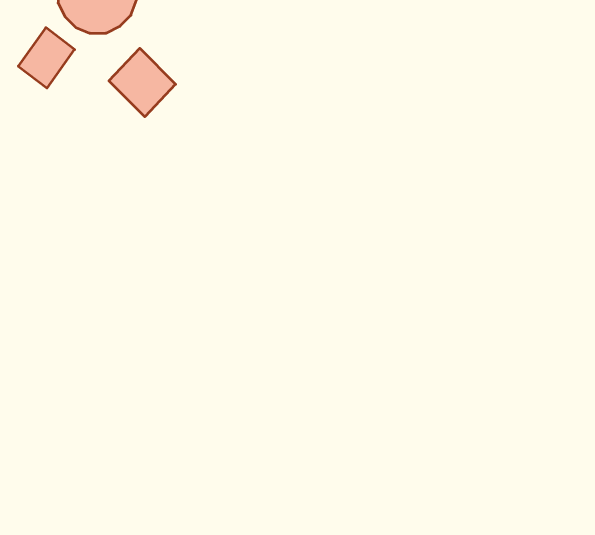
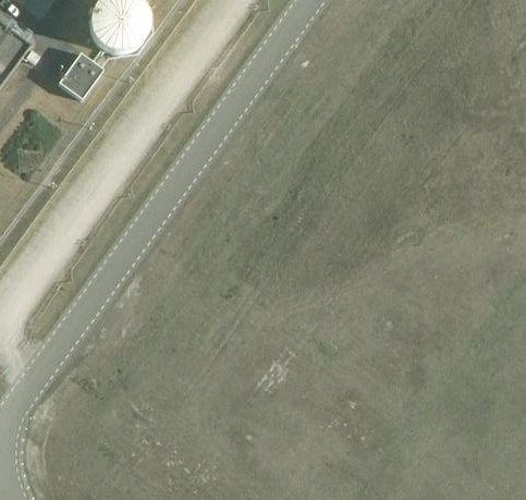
building: [109,48,176,117] -> none

